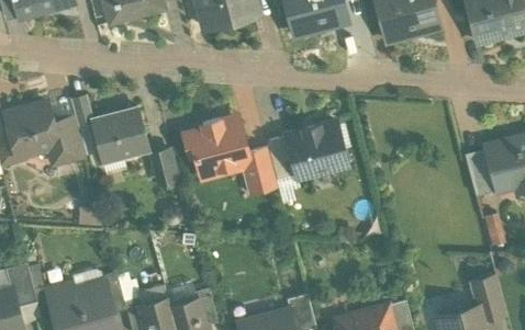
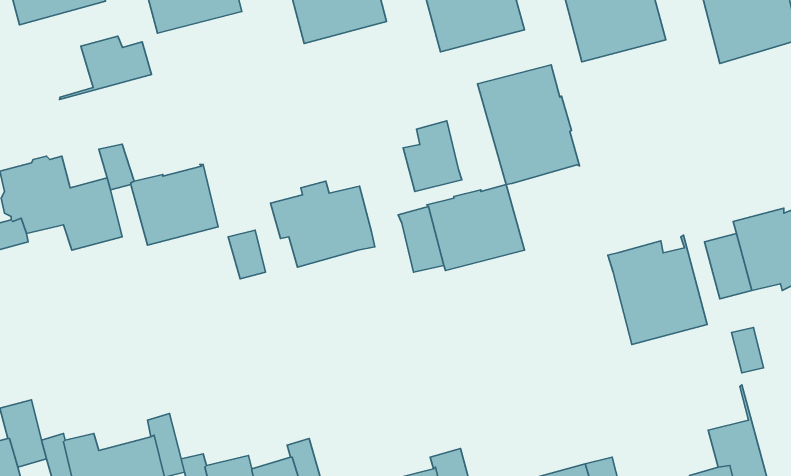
building: none -> [59,36,152,100]
building: none -> [478,65,580,185]
building: [239,148,278,194] -> [403,121,462,192]
building: none -> [608,235,707,345]

